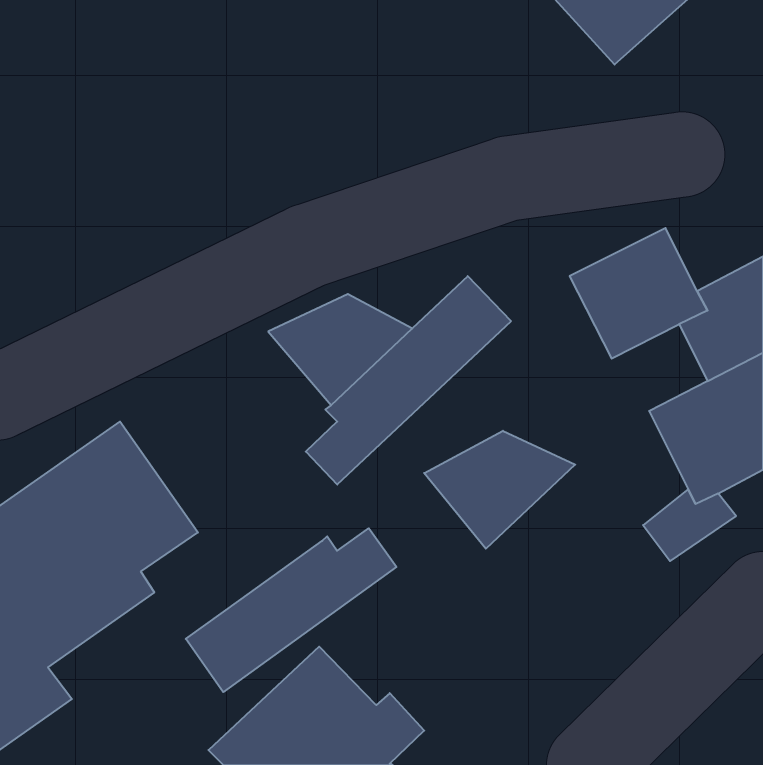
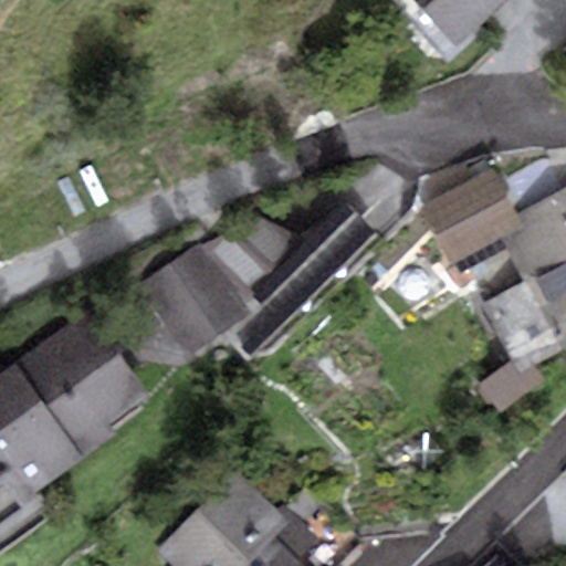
building: none -> [137,244,249,355]
building: [424,431,575,549] -> none
building: [186,528,396,692] -> none

